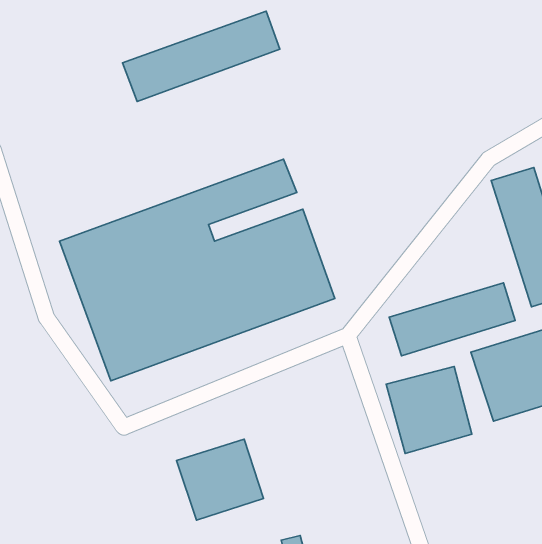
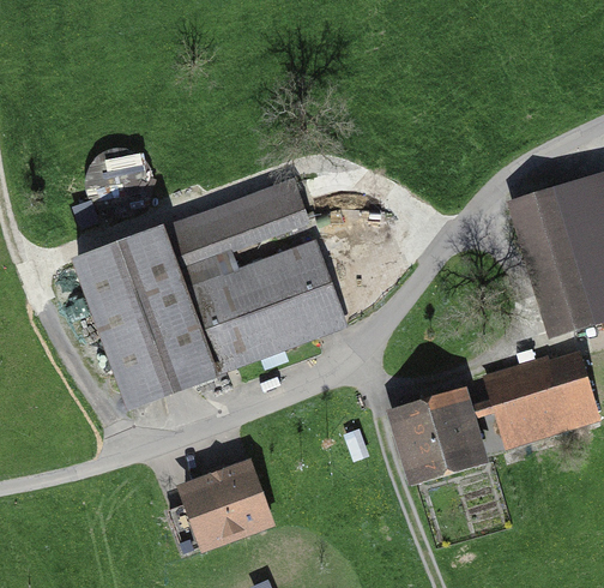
building: [123,11,280,102] -> none
building: [389,283,515,356] -> none

